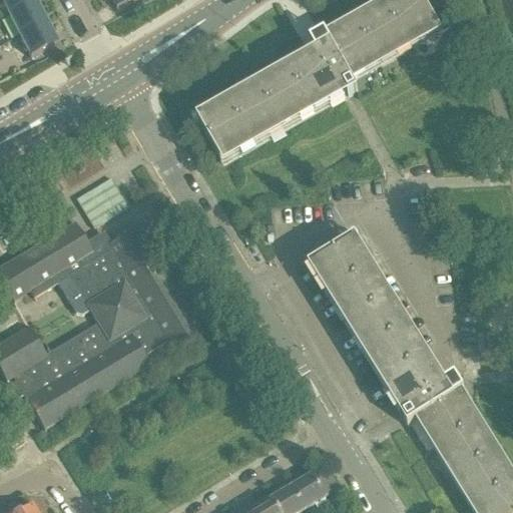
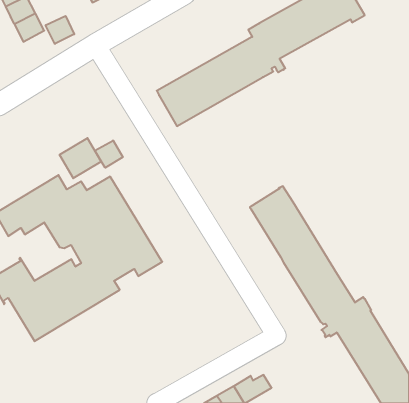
building: none -> [46,16,74,44]
building: none -> [95,140,123,168]

